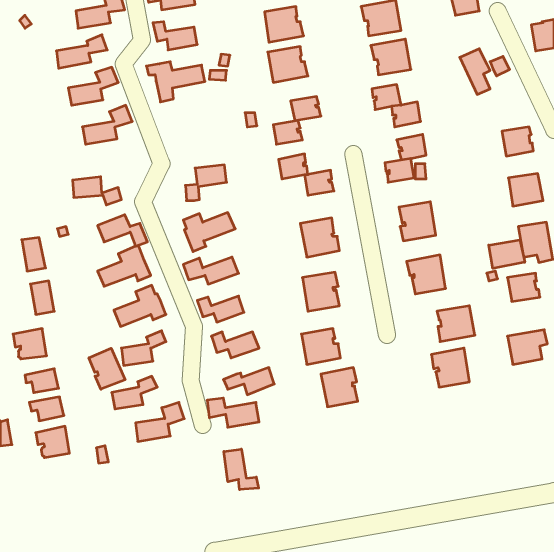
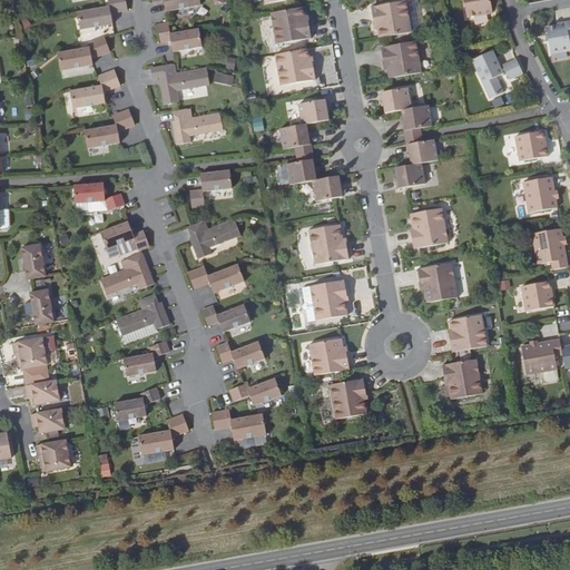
building: none -> [173,108,224,144]
building: [489,240,525,268] -> none
building: [89,348,125,389] -> none
building: [224,449,259,490] -> none

